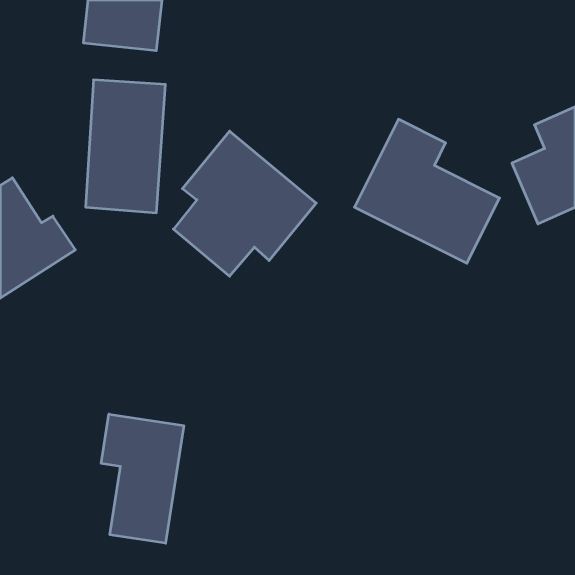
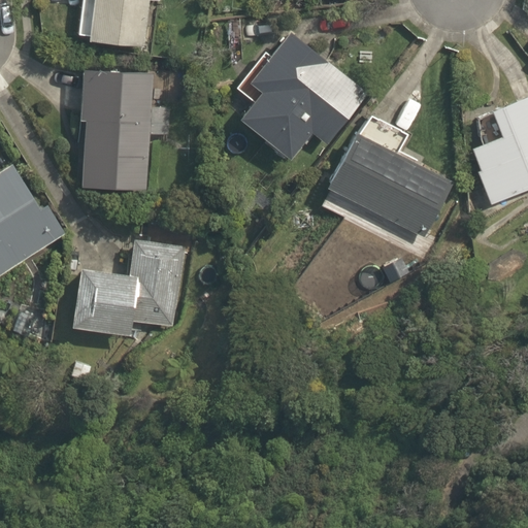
building: [173,131,316,276] -> [238,28,369,161]
building: none -> [68,240,190,336]
building: [101,414,184,543] -> none

